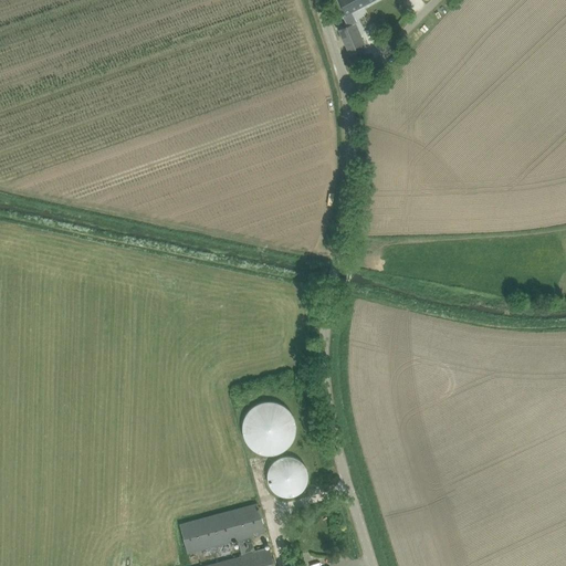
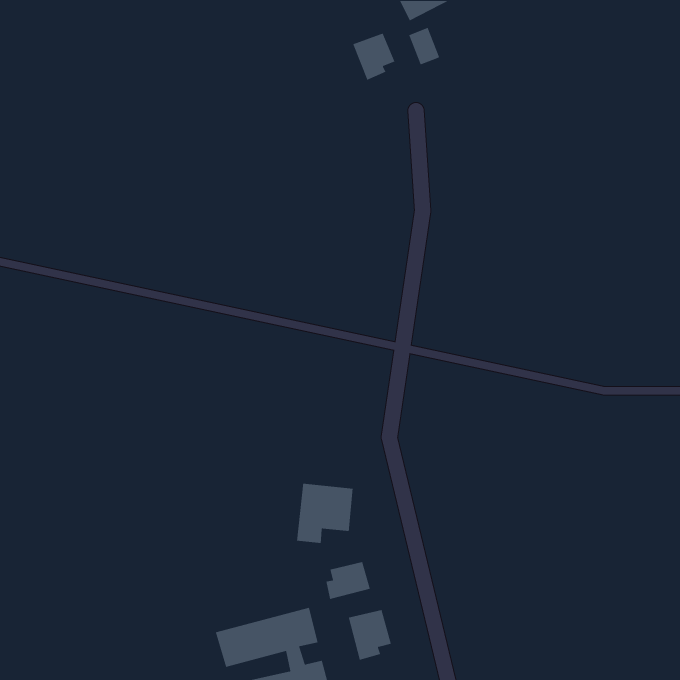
building: none -> [352,32,396,81]
building: none -> [348,609,392,661]

